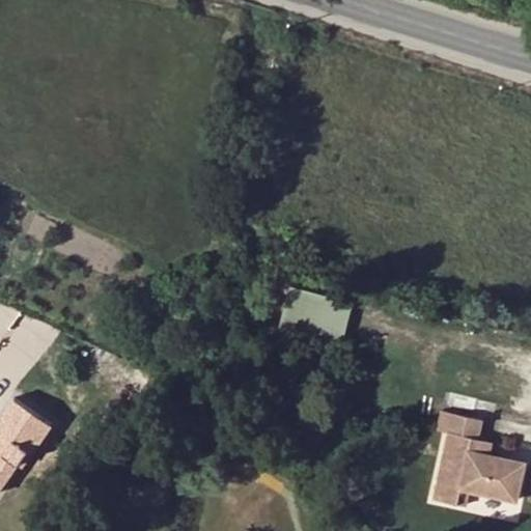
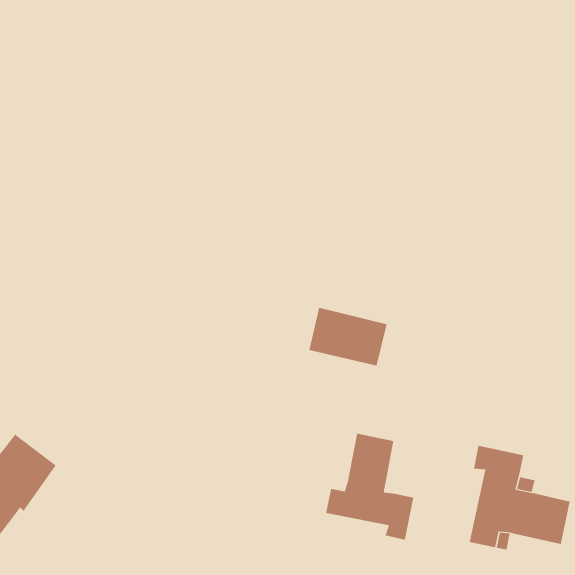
building: none -> [325,433,414,541]

